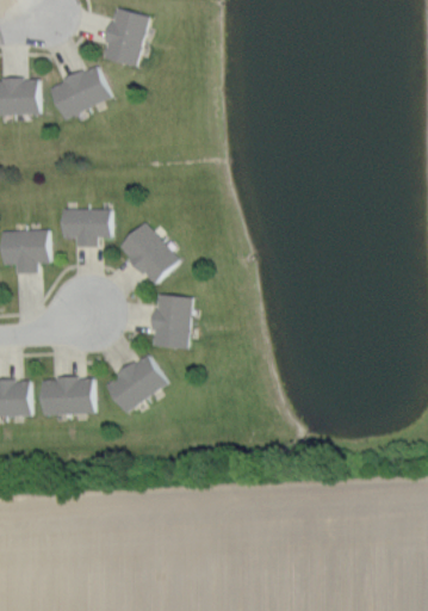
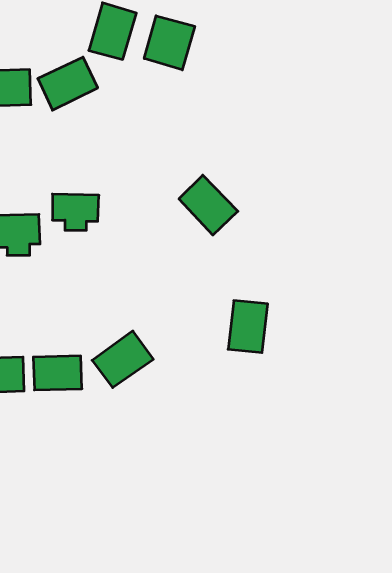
building: none -> [144,16,195,70]
building: [118,222,180,285] -> [179,175,238,235]
building: [151,295,193,350] -> [228,301,268,353]

